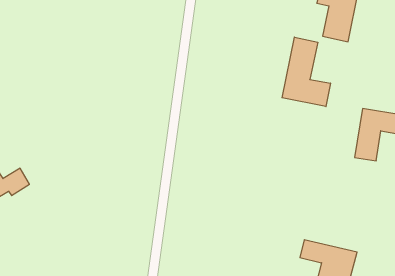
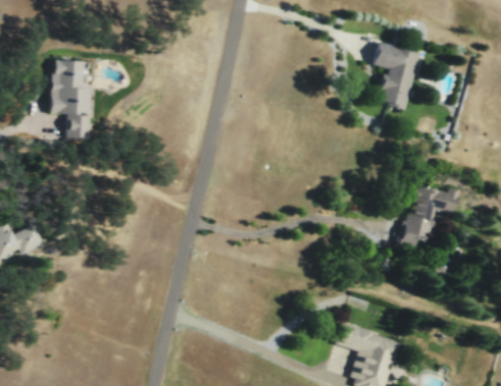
building: none -> [51,62,92,140]
building: [282,37,330,107] -> none

